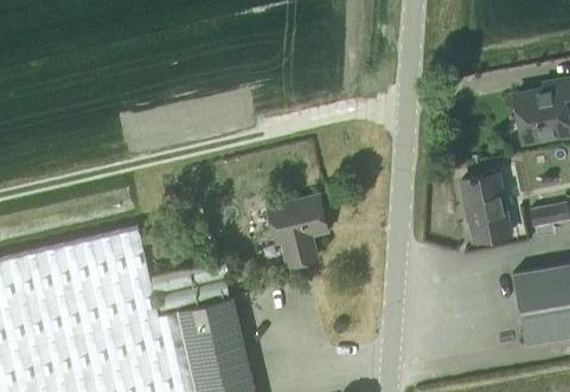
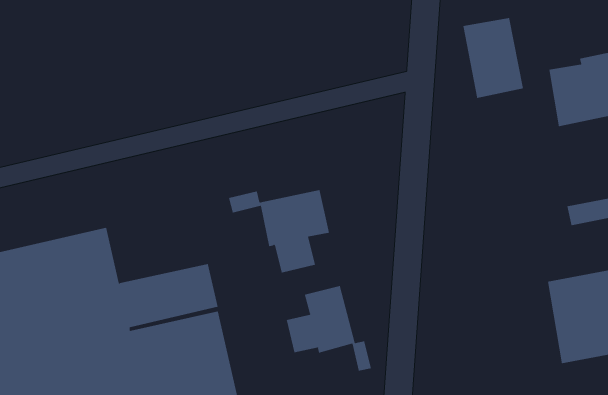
building: [459,174,511,243] -> [463,17,524,98]
building: none -> [286,285,371,372]

